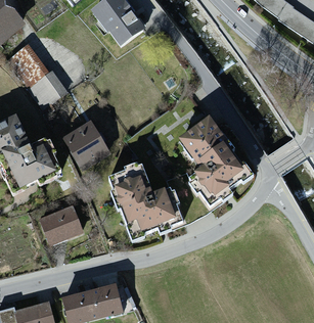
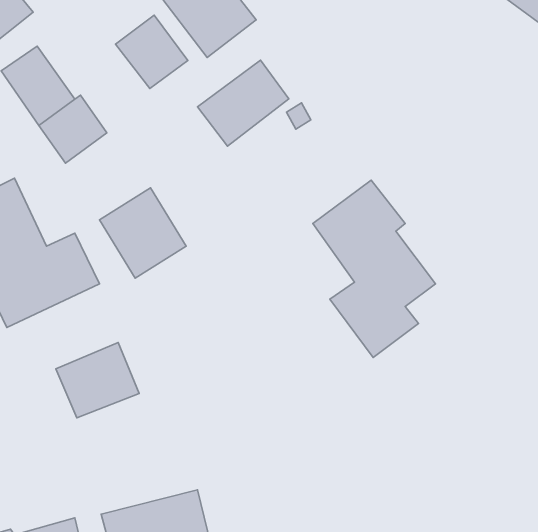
building: none -> [116,15,188,88]
building: none -> [198,60,289,146]
building: [110,168,177,233] -> none

